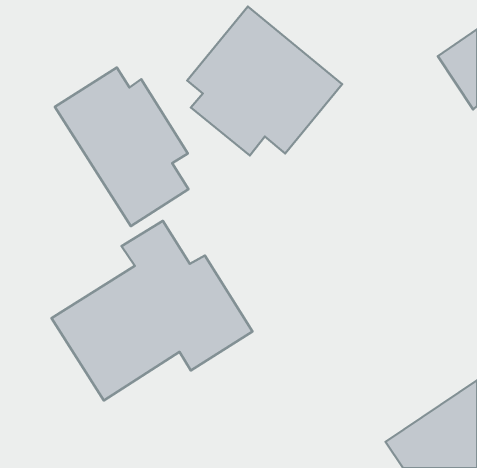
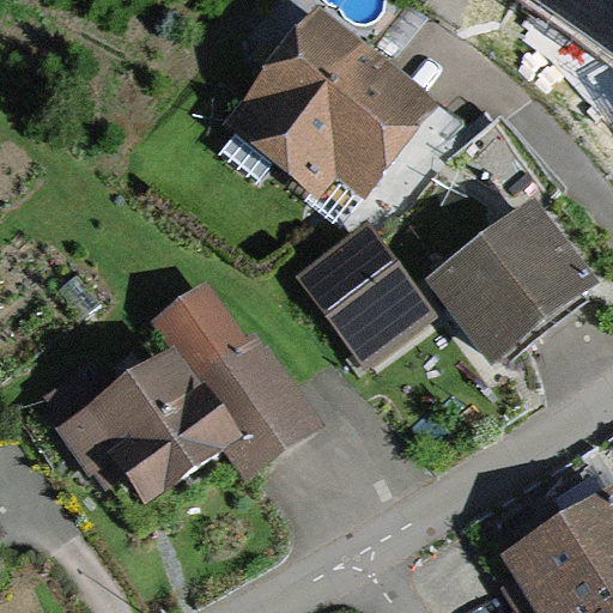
building: [55,67,189,226] -> none
building: none -> [292,199,594,368]

